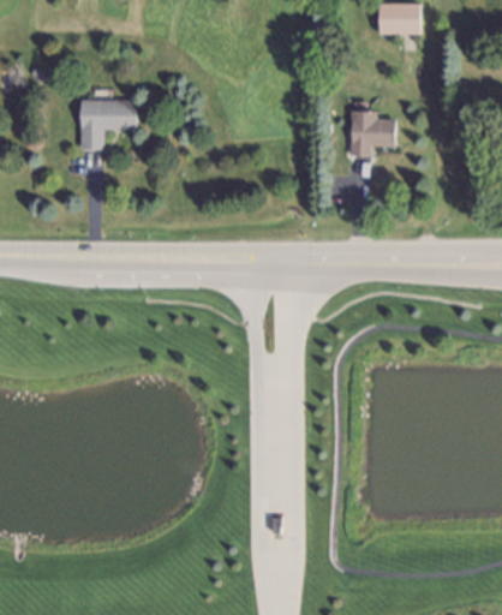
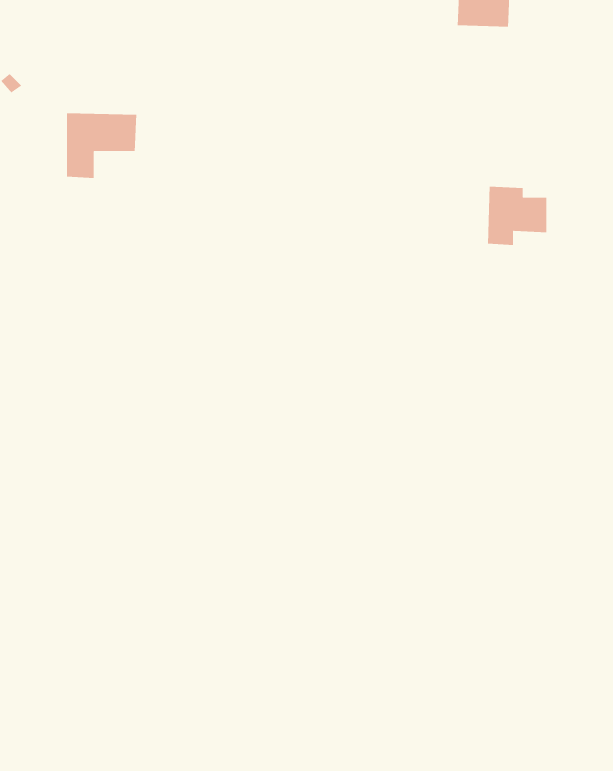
building: [349,111,395,156] -> [487,186,547,246]

